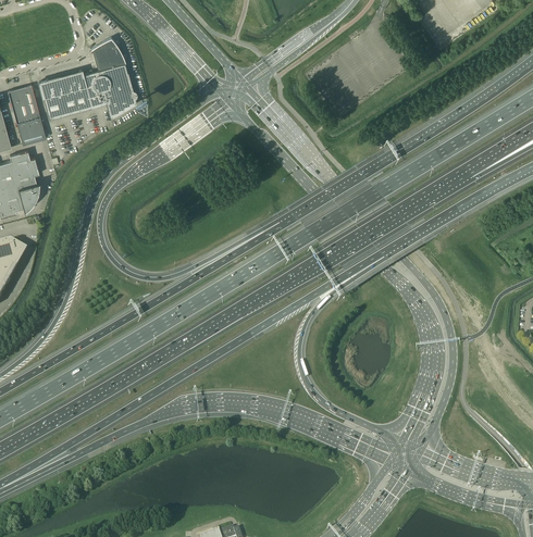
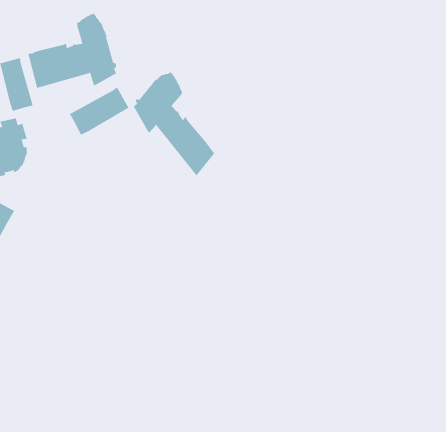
building: none -> [133,72,215,176]
building: none -> [69,87,130,136]

